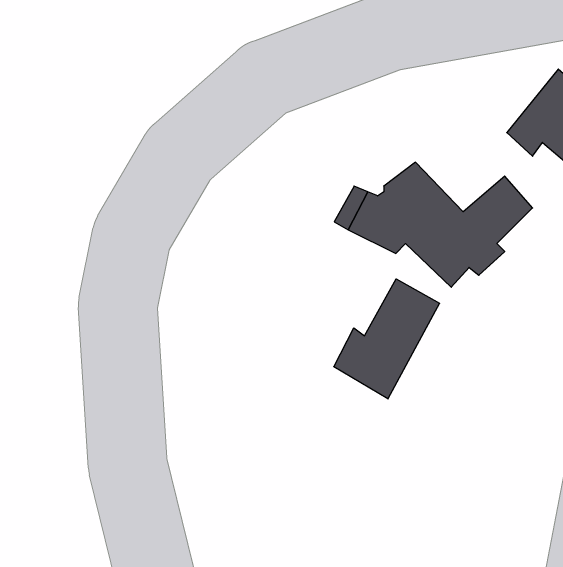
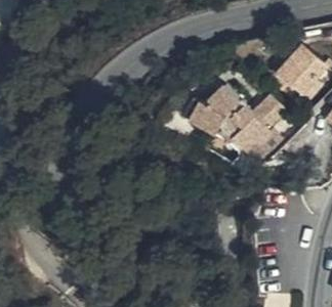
building: [334,279,440,399] -> none

